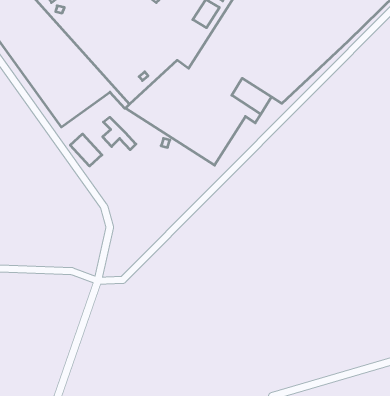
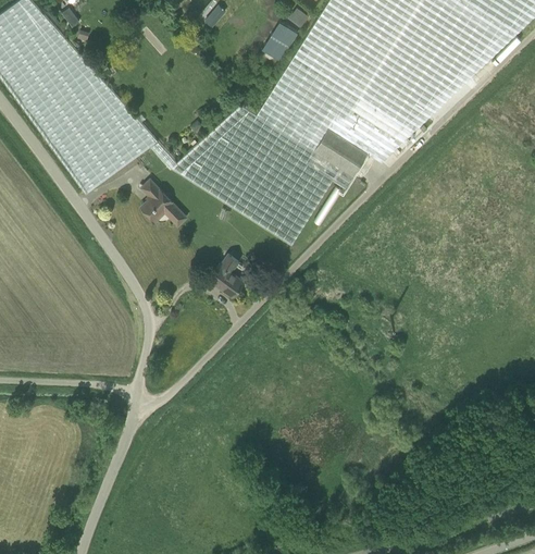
building: [70,134,102,166] -> none
building: none -> [209,253,244,295]

